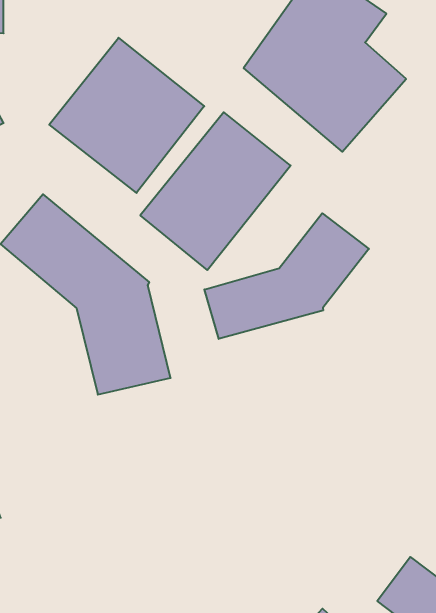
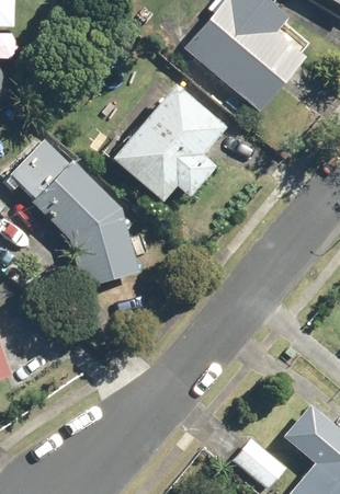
building: [49,38,204,193] -> none
building: [204,213,369,339] -> none

